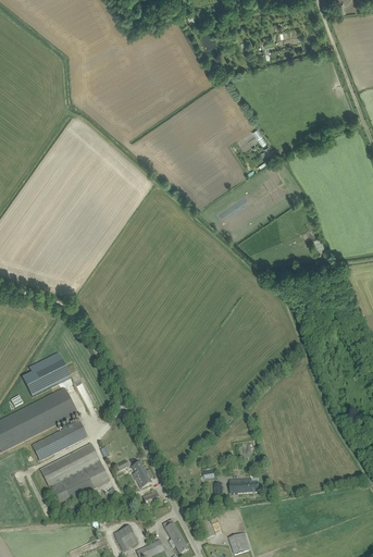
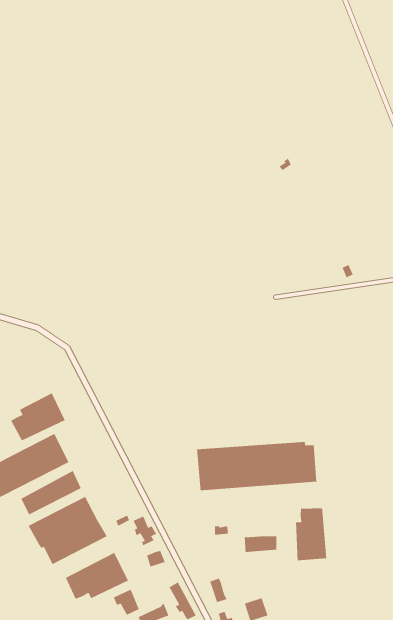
building: none -> [196,441,317,491]
building: none -> [295,507,327,561]
building: none -> [65,552,129,600]

